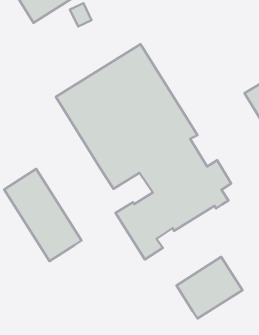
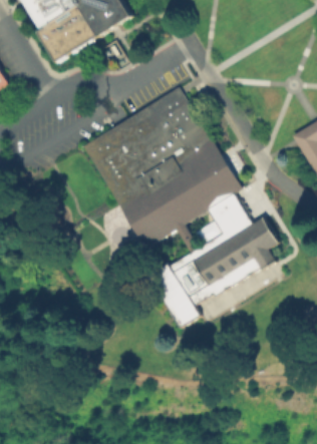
building: [4,169,82,261] -> none
building: [176,257,242,319] -> none

